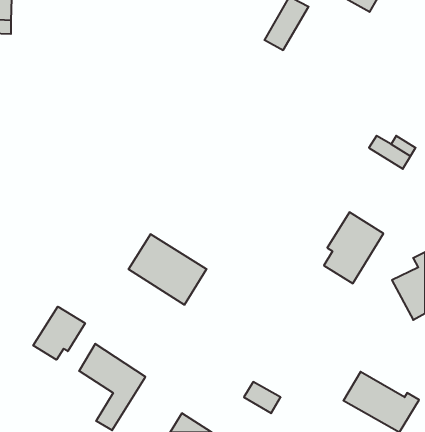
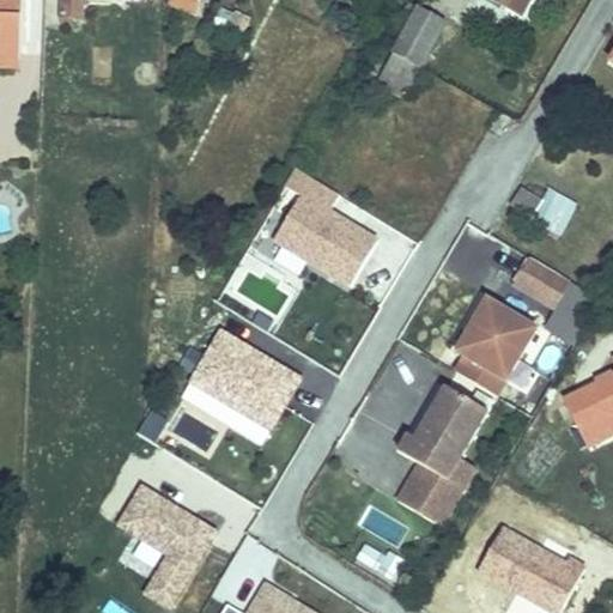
building: none -> [263,168,369,286]
building: none -> [520,254,577,303]
building: none -> [402,386,491,522]
building: [33,307,85,360] -> none

